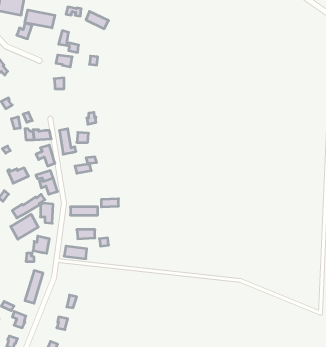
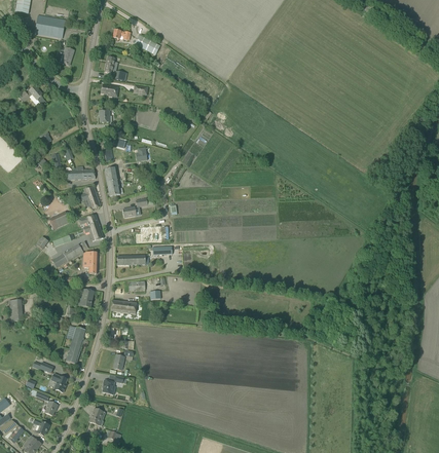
building: [25,10,55,28] -> none
building: [11,214,38,239] -> none

